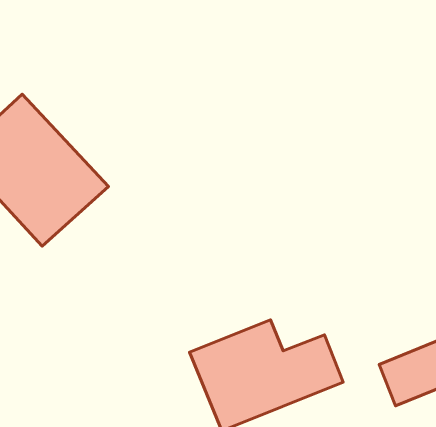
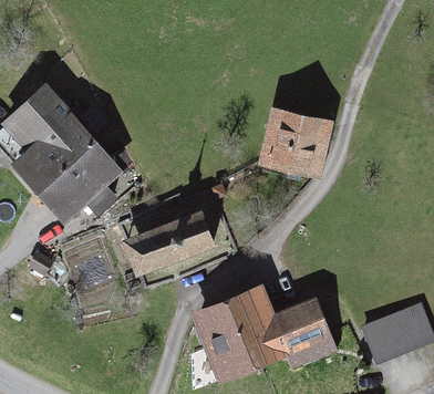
building: none -> [256,104,324,175]
building: none -> [125,208,216,277]

